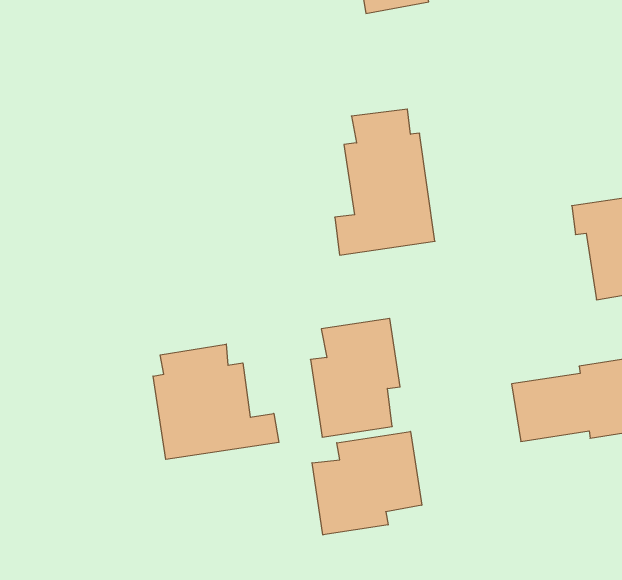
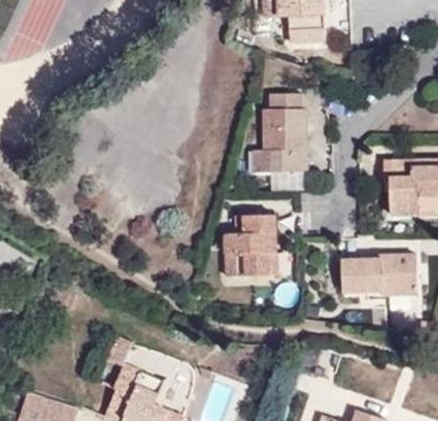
building: [153,344,279,459] -> none
building: [312,431,422,535] -> none

